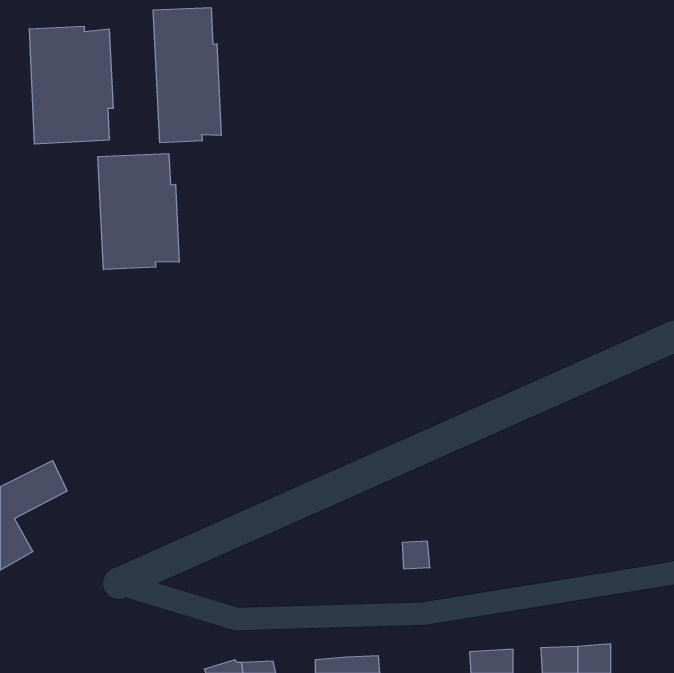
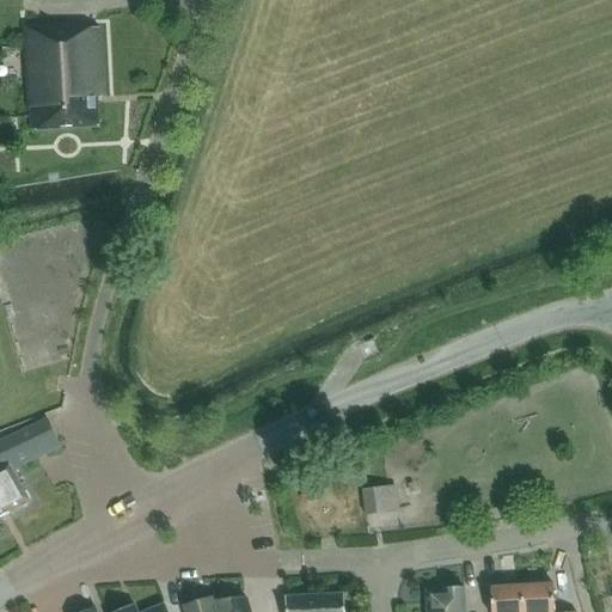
building: [153,8,221,143] -> none
building: [98,154,179,270] -> none

